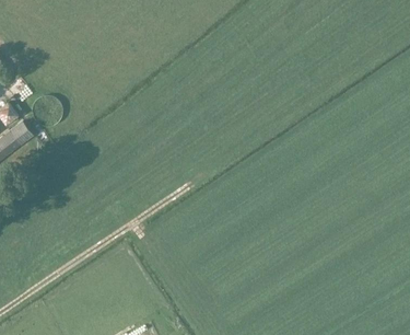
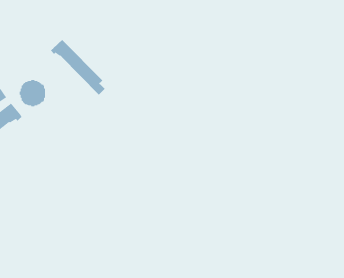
building: none -> [50,39,106,96]

